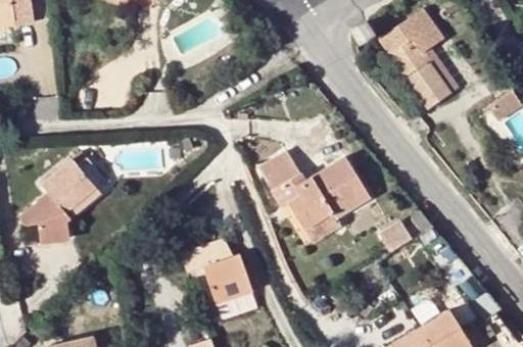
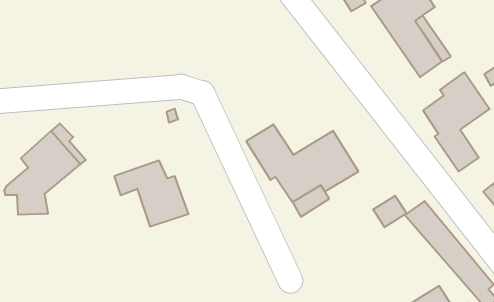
building: none -> [423,72,490,171]
building: [182,240,254,304] -> [114,161,189,227]

